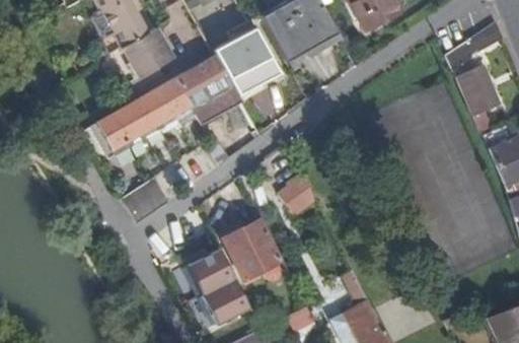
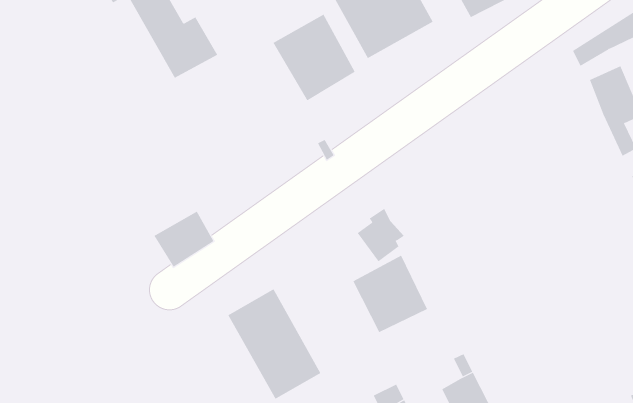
building: [96,55,242,149] -> none
building: [223,219,281,279] -> [353,255,428,333]

